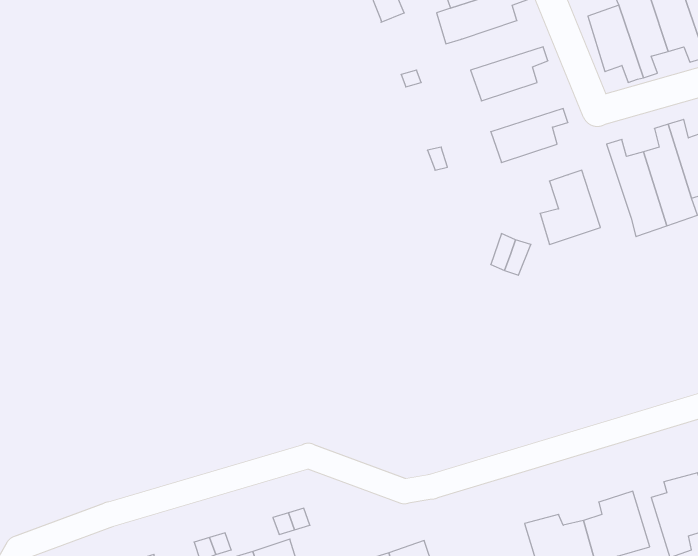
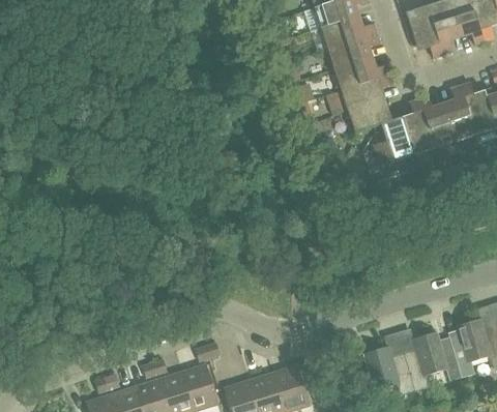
building: none -> [321,14,376,48]
building: none -> [334,56,389,89]
building: none -> [348,97,392,130]
building: none -> [402,97,435,153]

